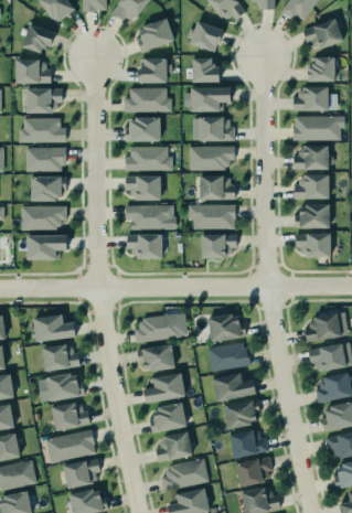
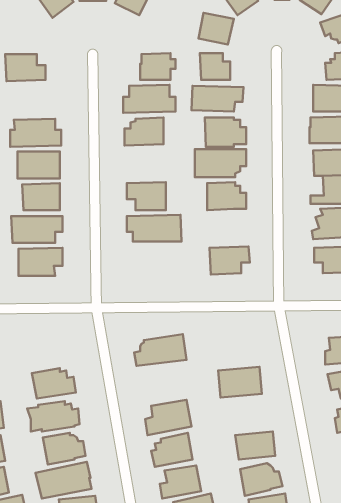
building: [136,17,175,52] -> none
building: [21,22,55,53] -> none
building: [29,88,64,113] -> none
building: [125,146,172,169] -> none
building: [190,204,237,228] -> none
building: [126,233,163,259] -> none
building: [34,313,77,342] -> none
building: [207,313,246,341] -> none
building: [141,345,177,371] -> none
building: [212,372,257,402] -> none

